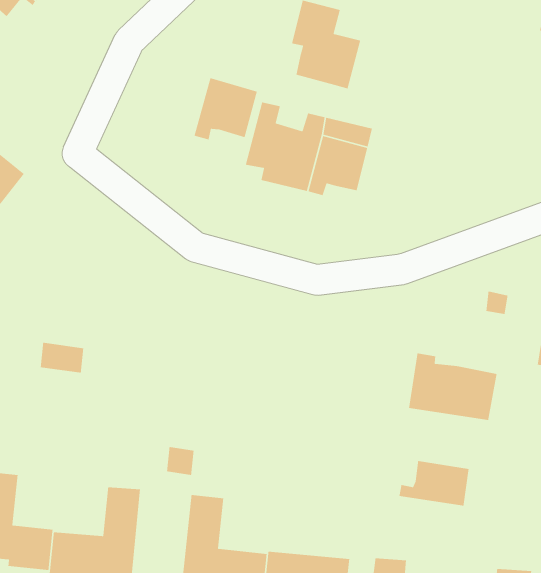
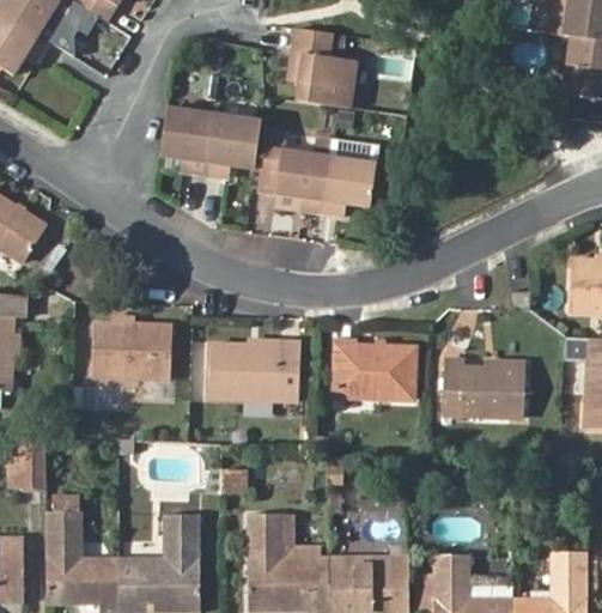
building: none -> [165,105,219,170]
building: none -> [95,320,174,375]
building: none -> [209,340,300,396]
building: none -> [334,342,414,395]
building: [399,460,470,506] -> none

